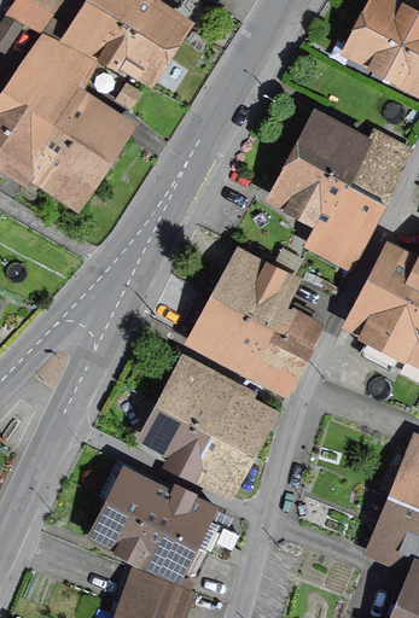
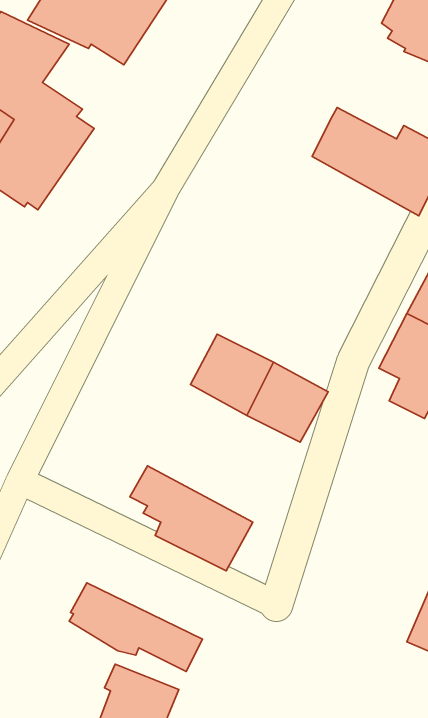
building: [272,154,382,267] -> none
building: [217,252,318,346] -> none
building: [161,365,269,453] -> none
building: [111,472,232,556] -> none

